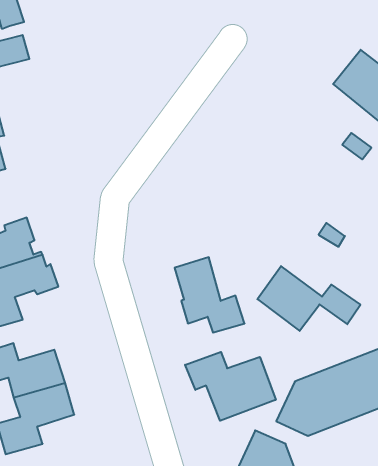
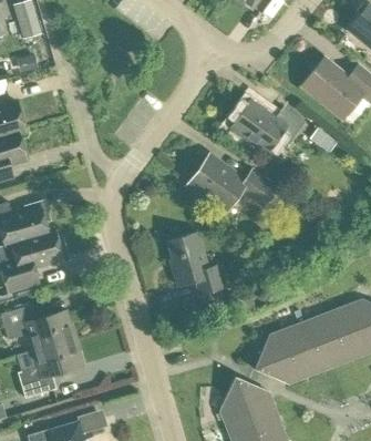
building: none -> [229,99,305,153]
building: [257,266,360,331] -> [189,155,276,209]
building: [185,352,276,421] -> none

